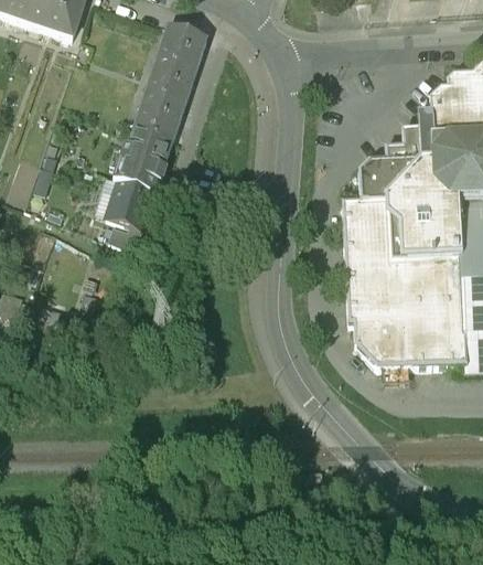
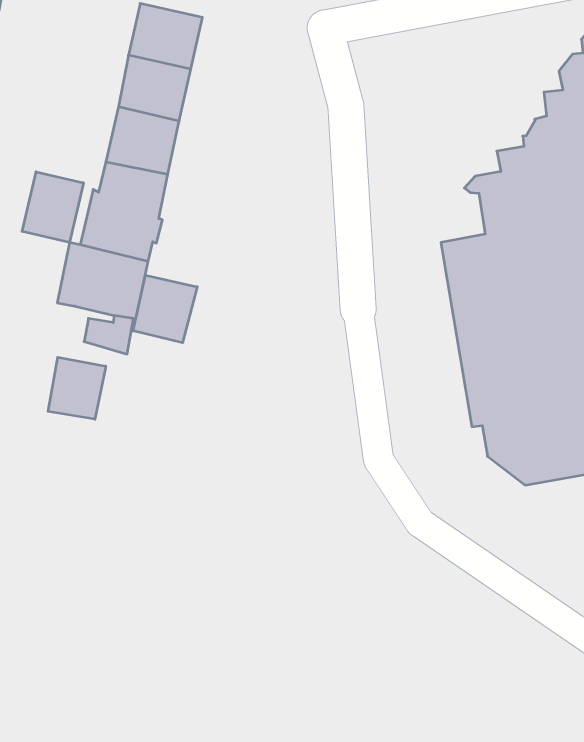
building: none -> [22,172,83,242]
building: none -> [133,275,197,343]
building: none -> [48,357,106,419]

